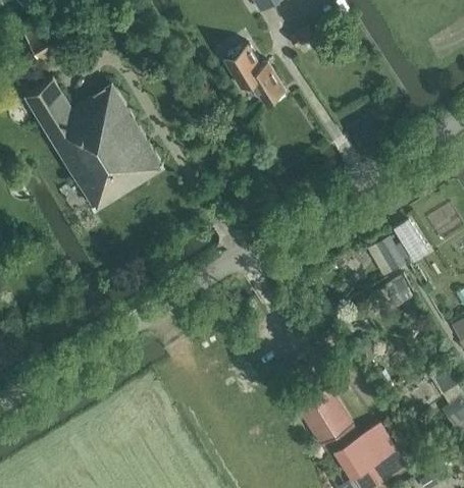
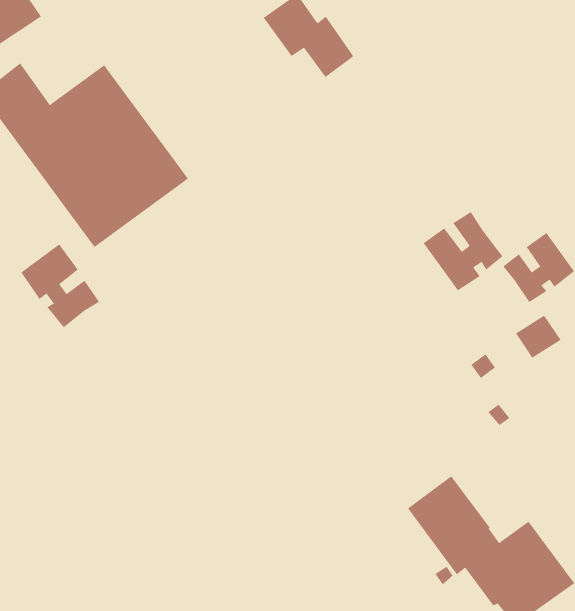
building: none -> [21,244,100,328]
building: none -> [423,211,503,291]

